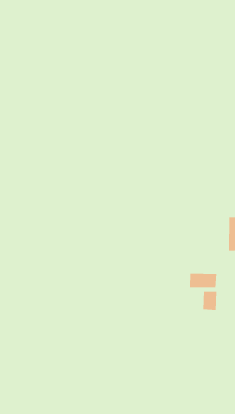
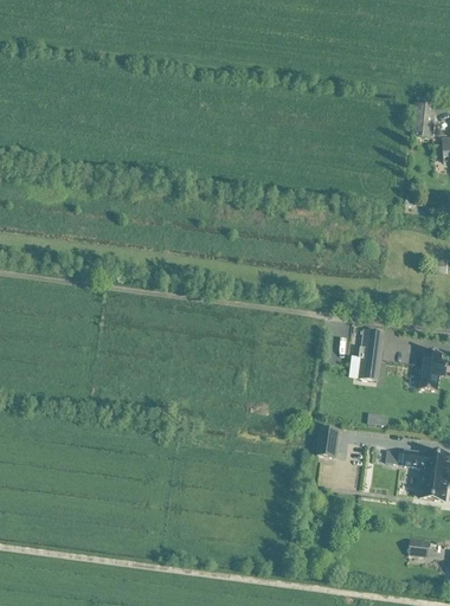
building: [189,273,217,288] -> none

